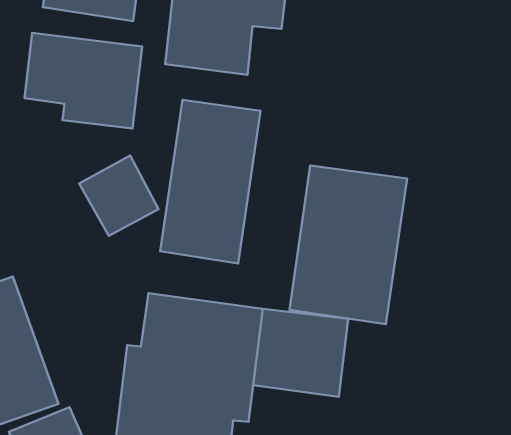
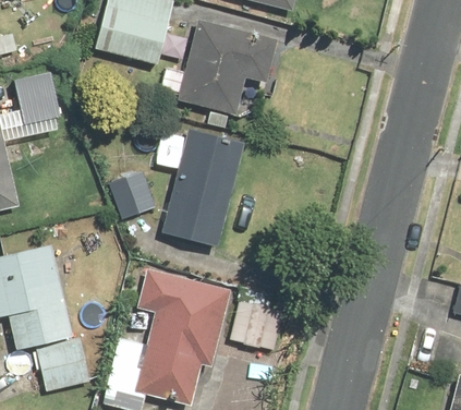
building: [24,33,142,128] -> none
building: [290,165,407,324] -> none

